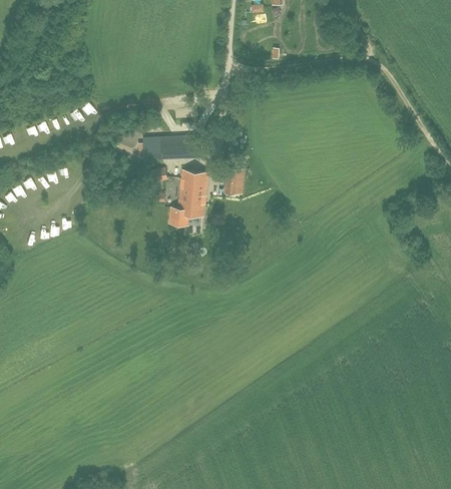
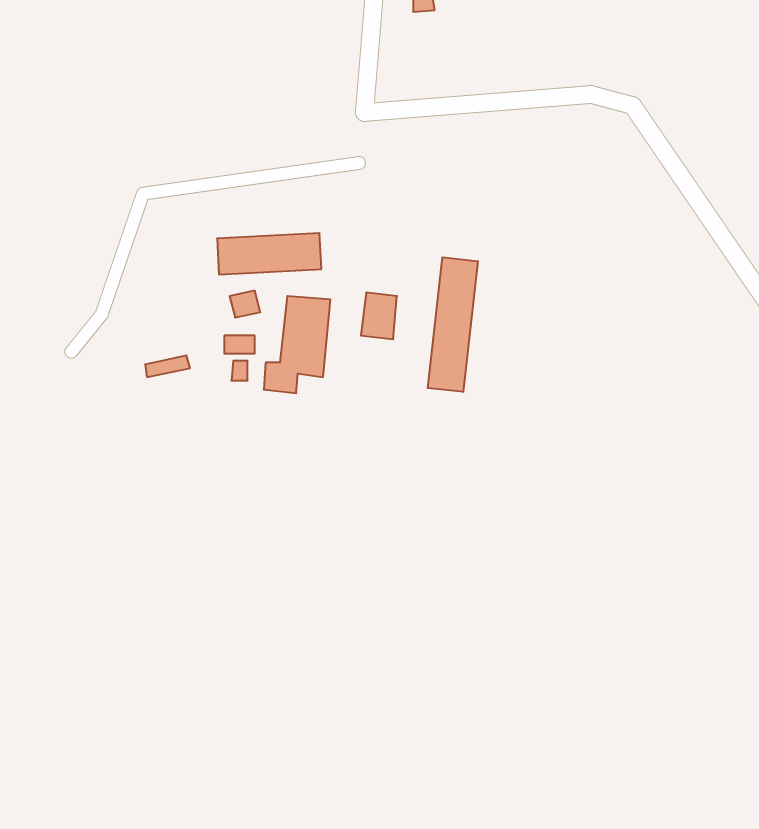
building: none -> [428,257,478,392]

